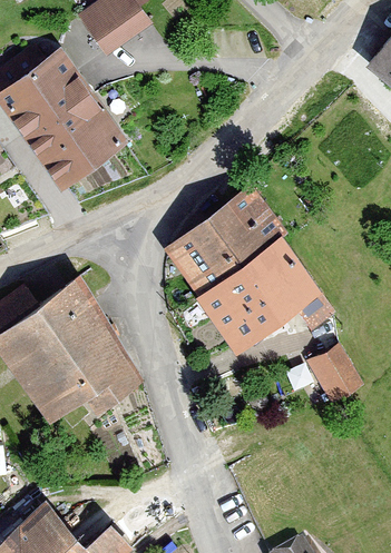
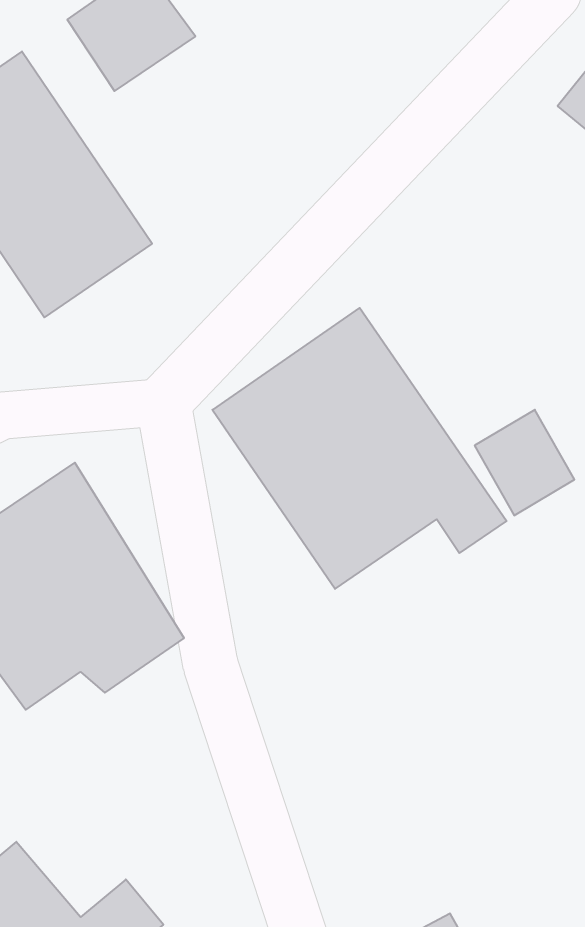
building: [304,342,363,404] -> [475,410,574,515]

